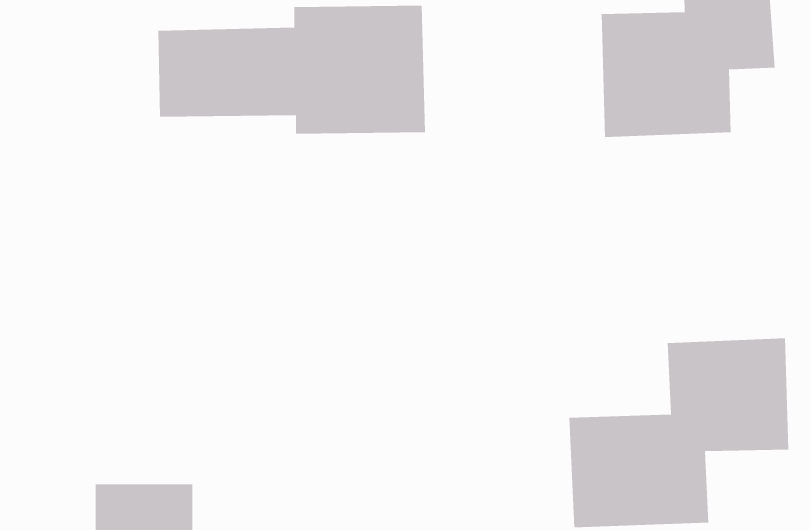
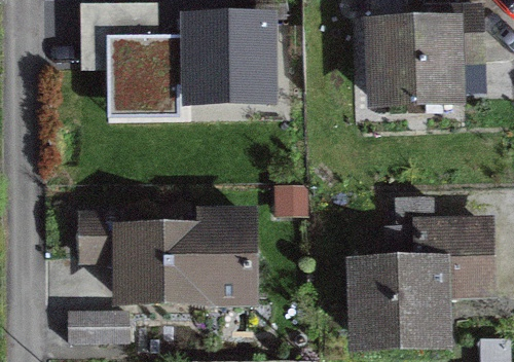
building: none -> [82,220,254,302]

